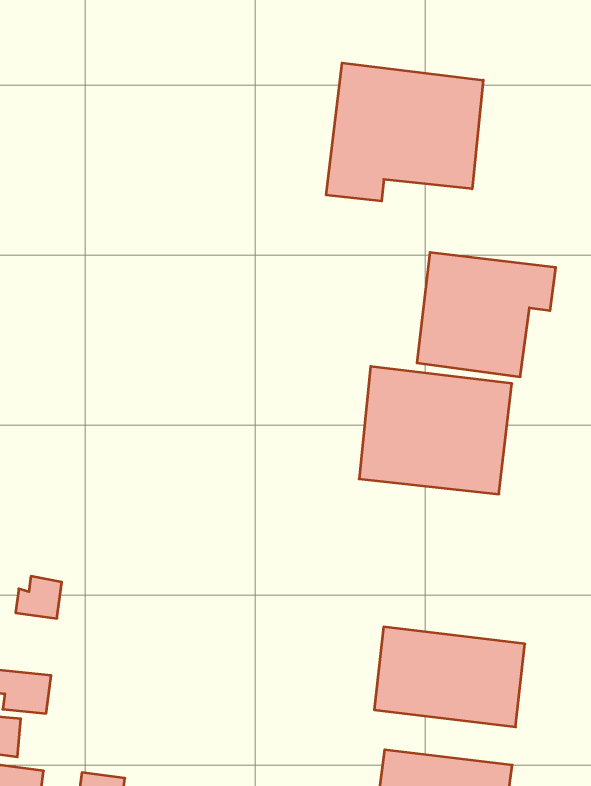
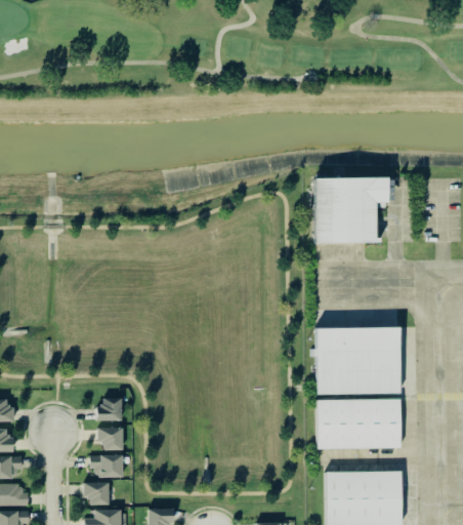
building: [326,63,483,201] -> none
building: [359,366,512,494] -> [313,327,398,395]
building: none -> [98,428,124,450]

